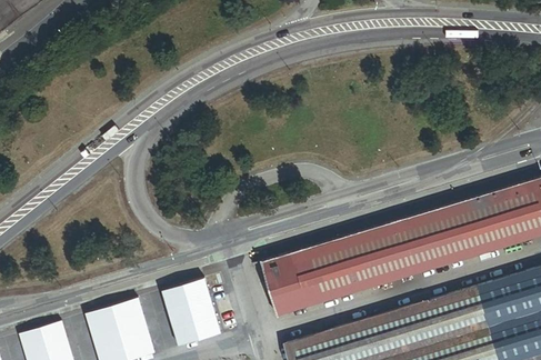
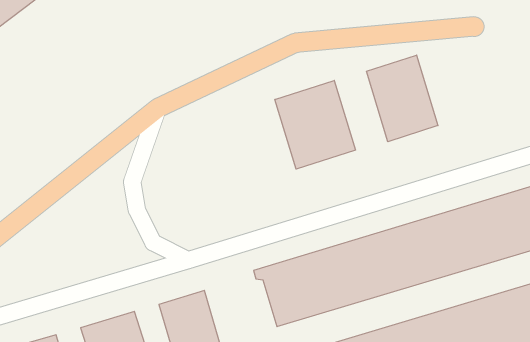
building: none -> [366,55,438,142]
building: none -> [275,80,355,169]

